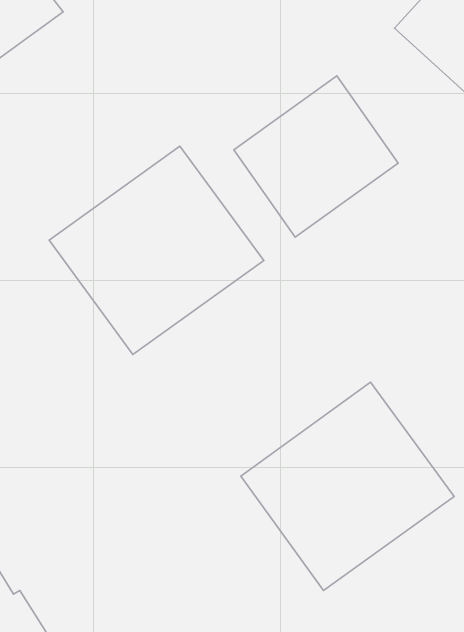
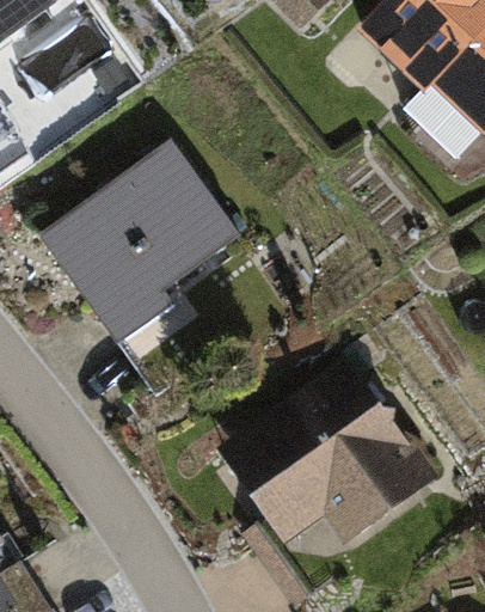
building: [234,76,398,237] -> none

